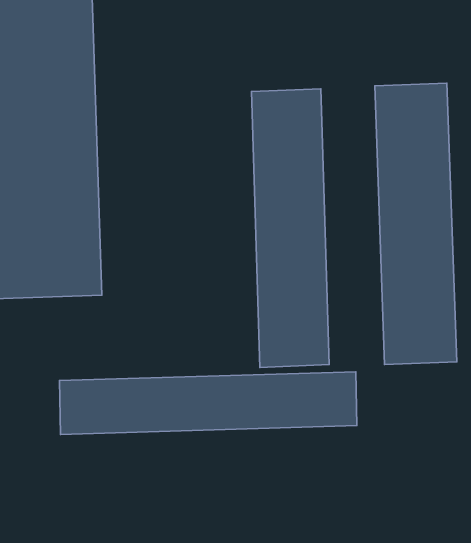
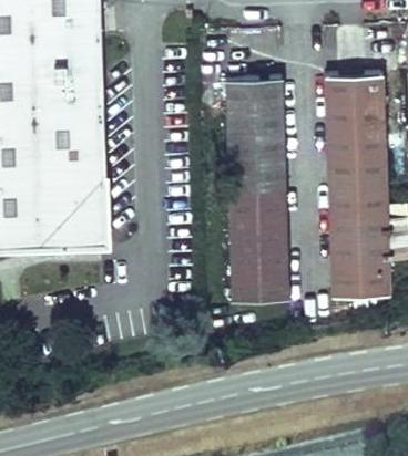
building: [60,372,357,435] -> none

